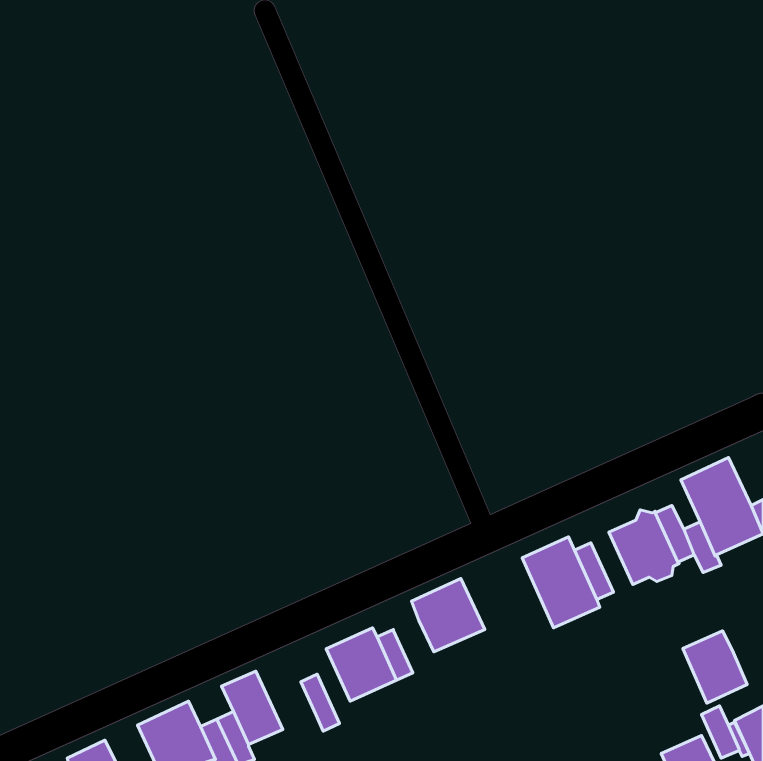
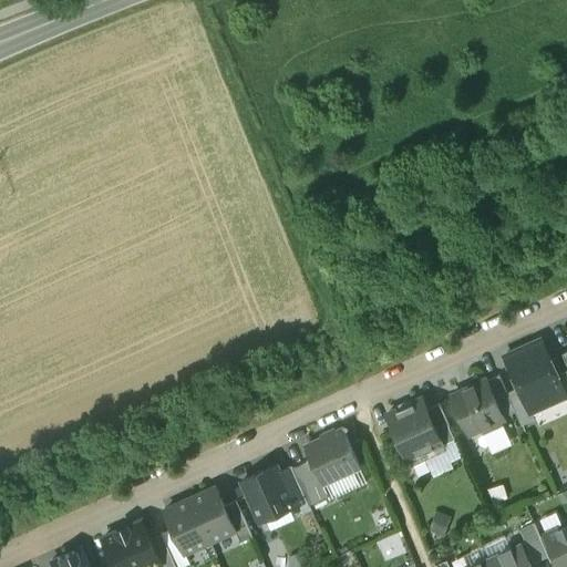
building: none -> [291,462,327,506]
building: [683,631,747,703] -> none
building: none -> [189,488,234,543]

